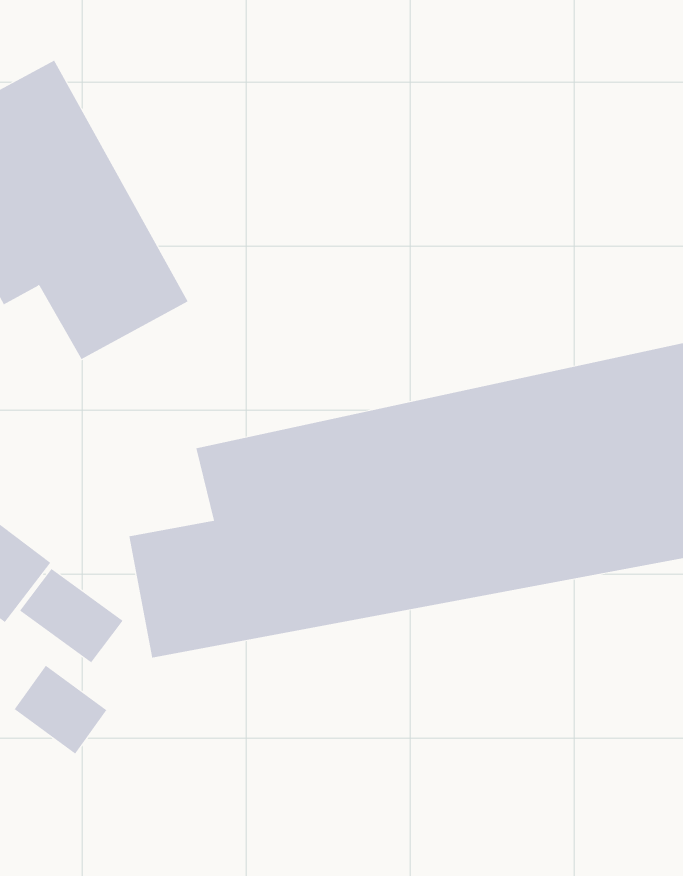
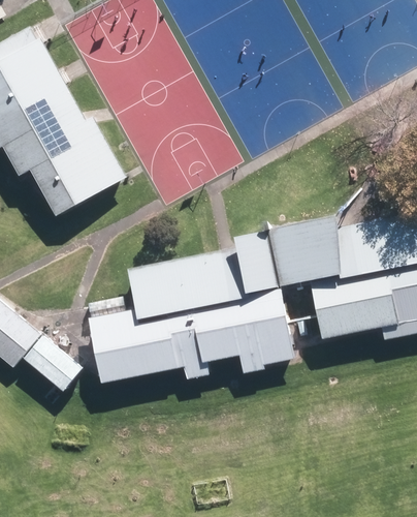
building: [14,665,107,755] -> none

